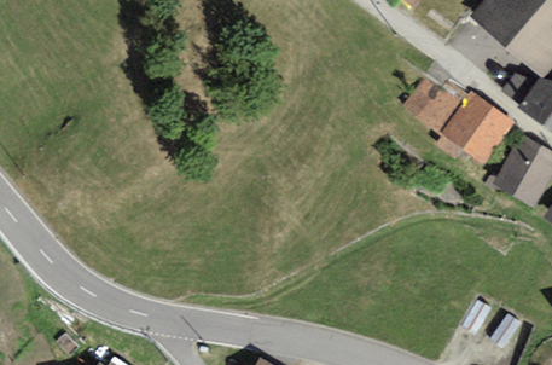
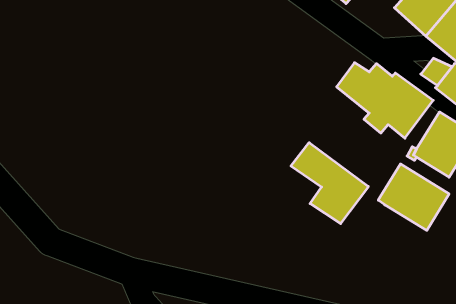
building: none -> [291,143,368,224]
building: none -> [378,164,449,230]

